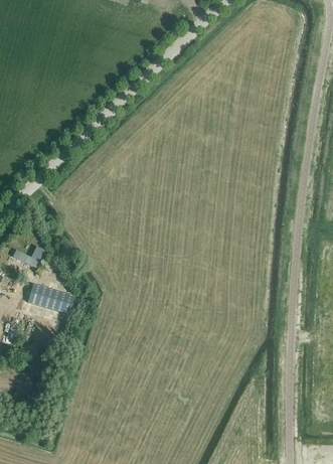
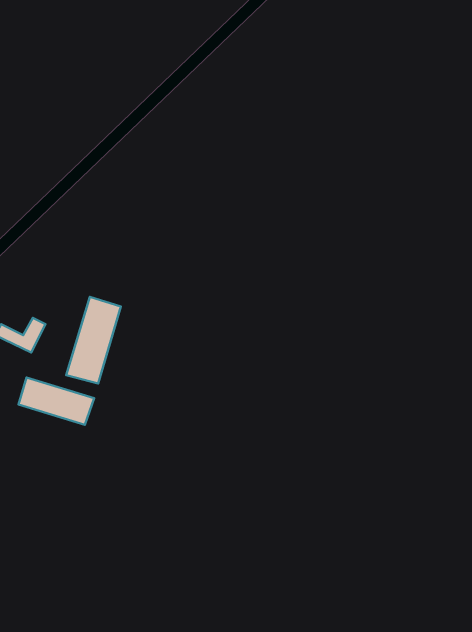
building: none -> [66,297,121,383]

